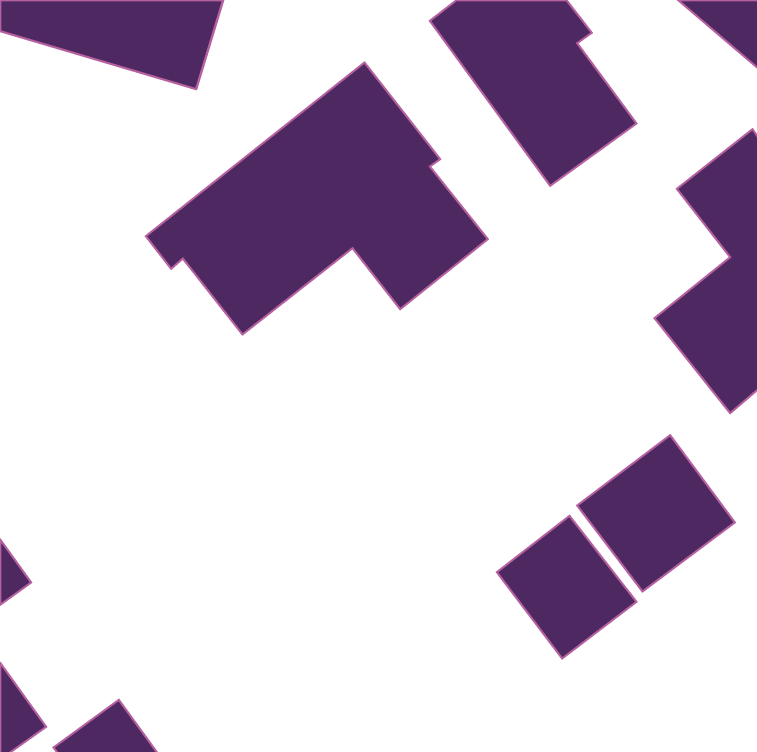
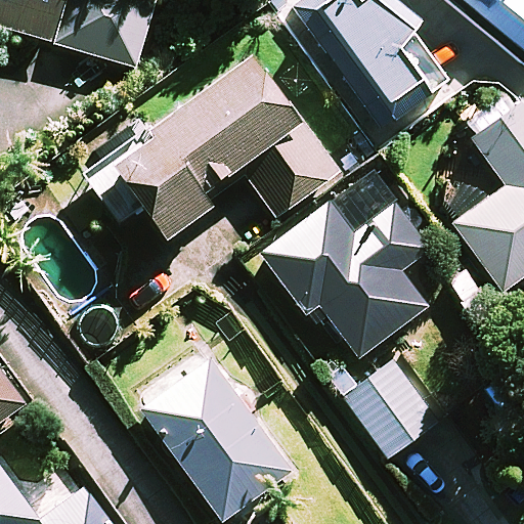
building: none -> [260,169,431,357]
building: [577,435,735,591] -> none
building: none -> [141,359,289,518]

